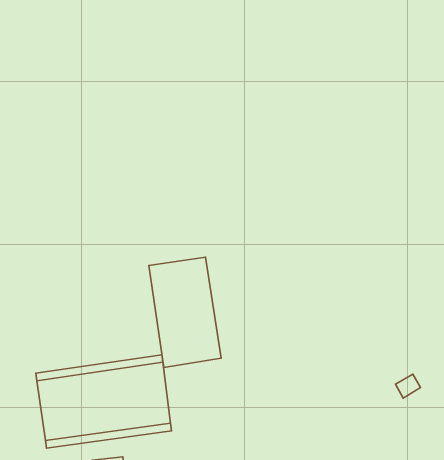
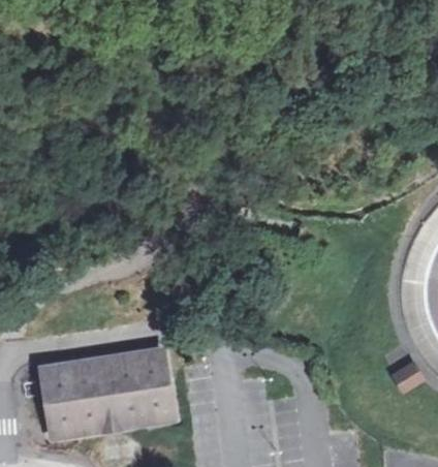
building: [149,257,221,368] -> none

